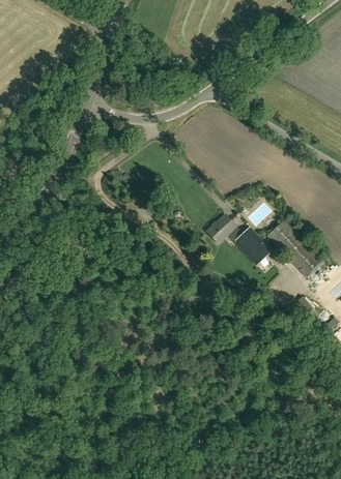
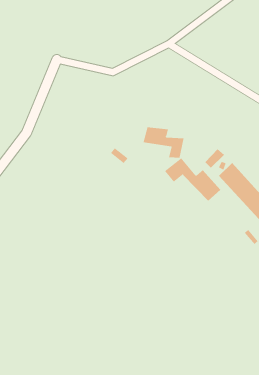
building: none -> [143,127,184,159]

